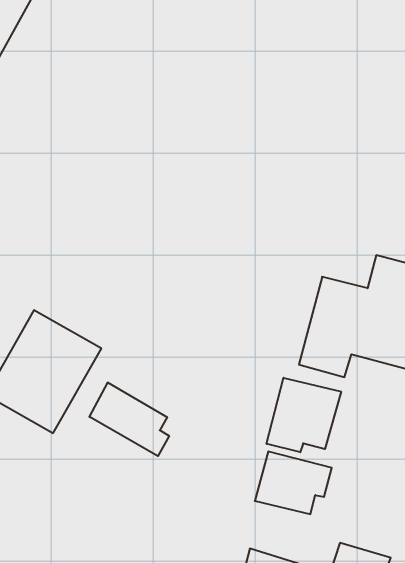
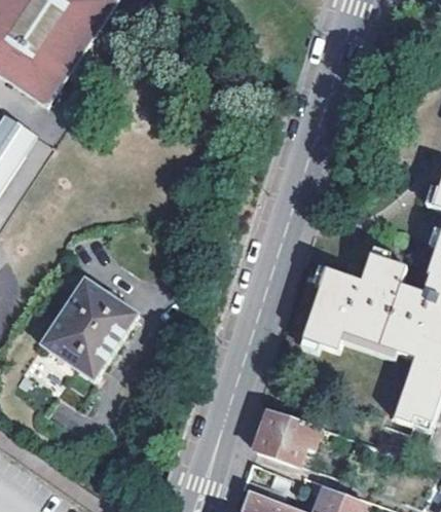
building: [267,378,341,452] -> none
building: [89,382,169,456] -> none

